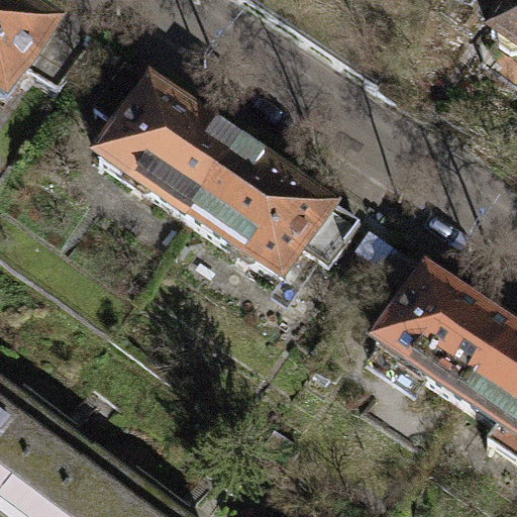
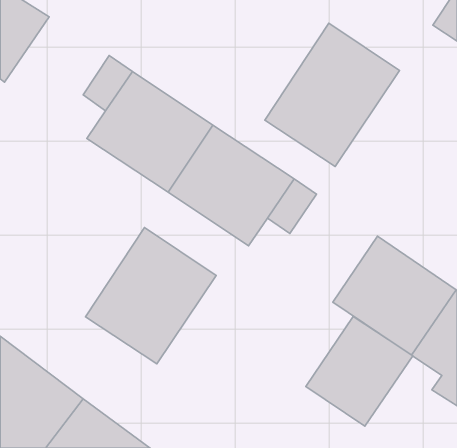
building: none -> [265,23,400,166]
building: none -> [85,228,216,364]
building: none -> [306,316,413,426]

